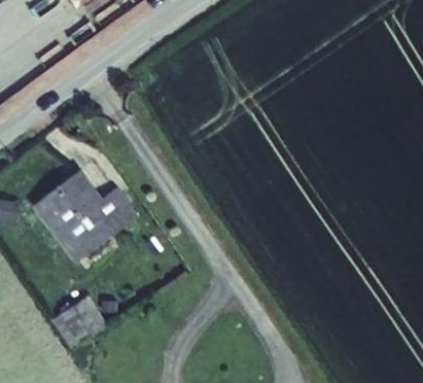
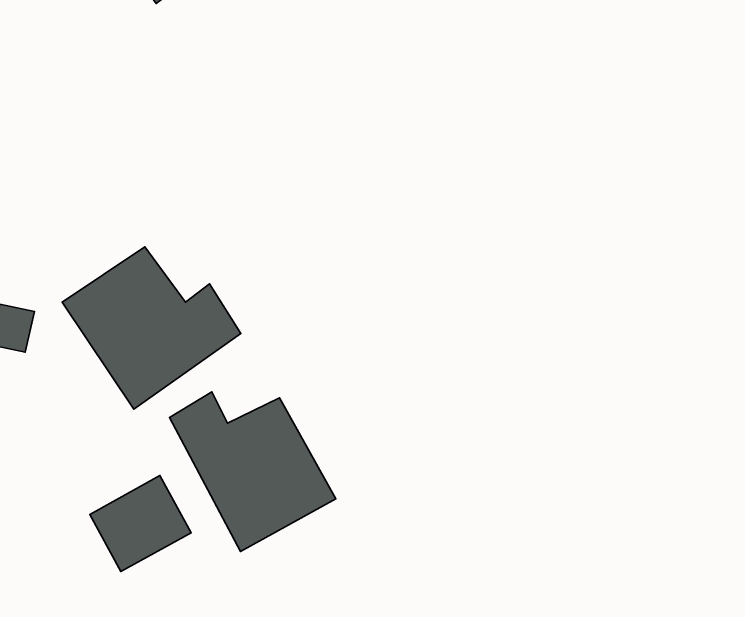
building: none -> [170,392,336,551]

